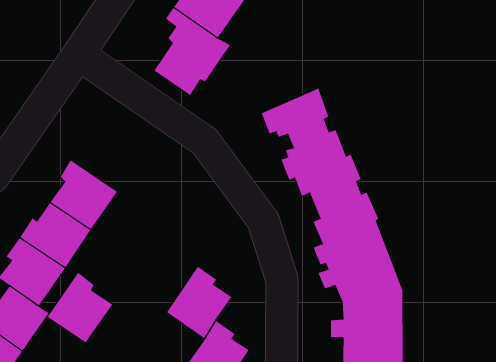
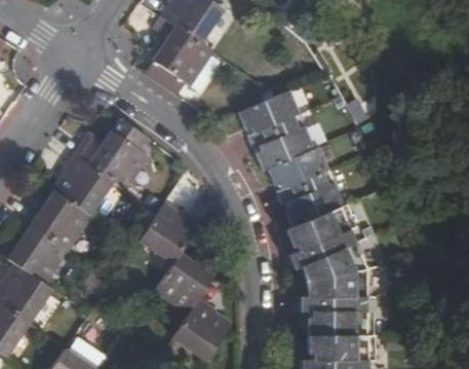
building: none -> [70,118,149,190]
building: none -> [139,204,200,263]
building: [47,272,113,343] -> none

